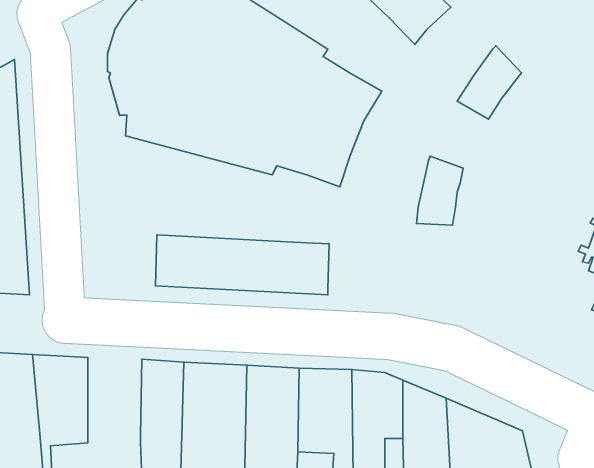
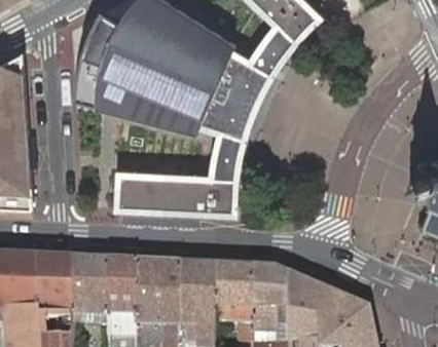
building: [457,46,521,119] -> [252,24,296,74]
building: [417,156,463,225] -> [213,131,245,179]
building: none -> [72,257,109,315]

